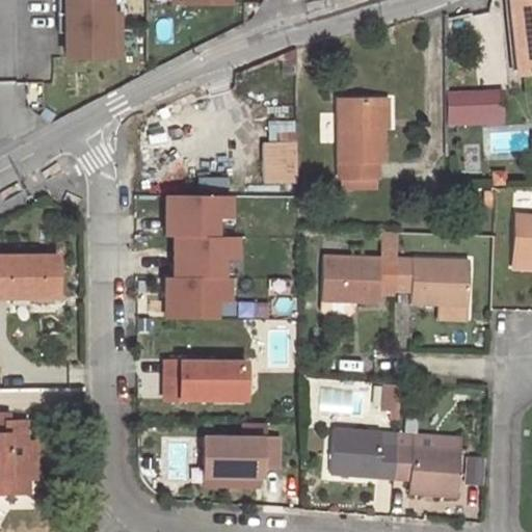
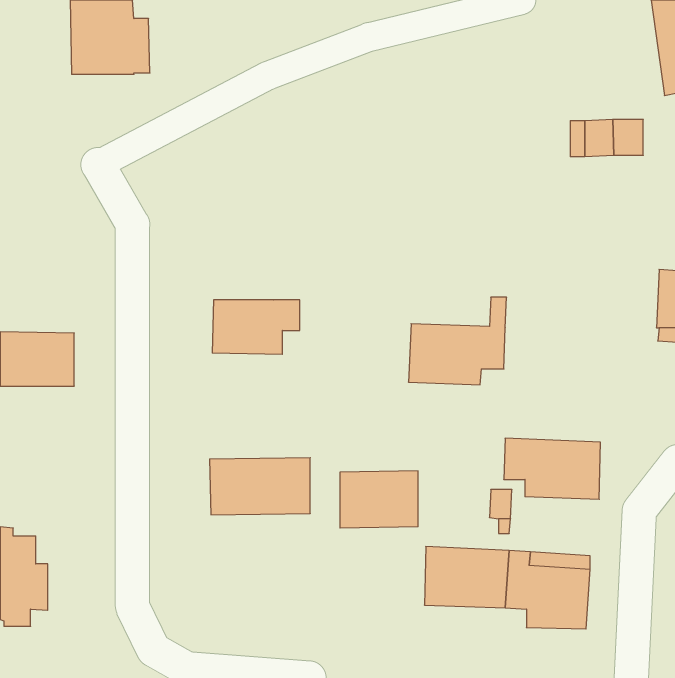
building: [341,99,385,179] -> none
building: [267,143,299,183] -> none
building: [161,194,230,235] -> none
building: [397,257,473,304] -> [504,438,600,499]
building: [160,276,229,318] -> none
building: [200,436,261,481] -> [340,471,418,528]

